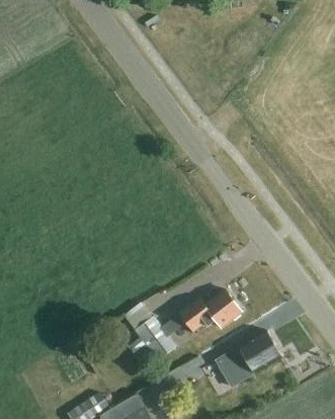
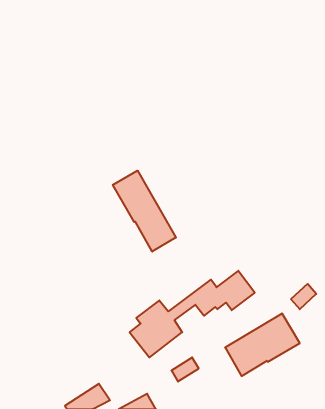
building: none -> [113,171,176,252]

